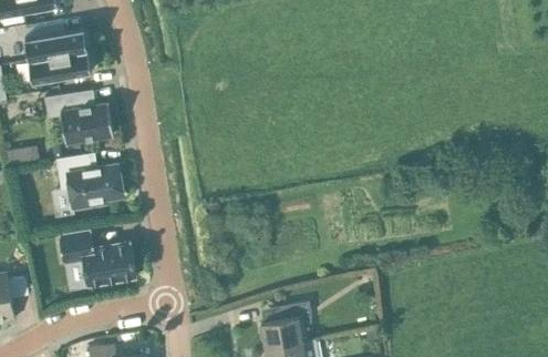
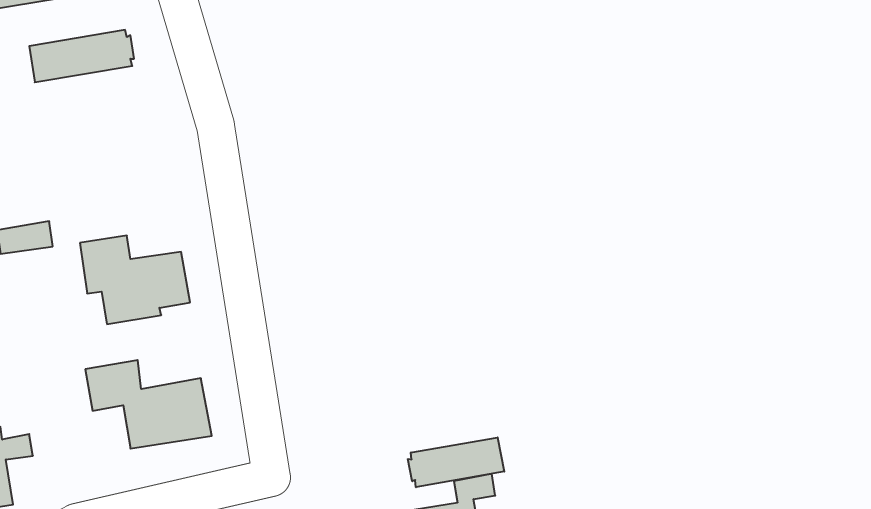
building: [28,51,93,83] -> none
building: [44,93,113,144] -> none
building: none -> [408,437,504,487]

